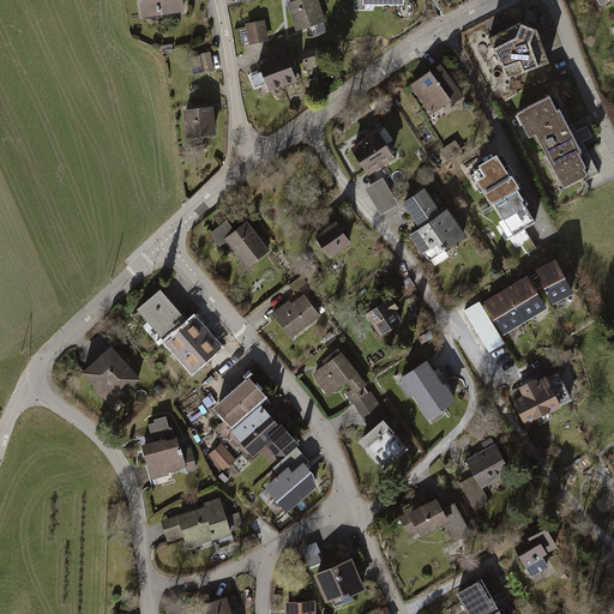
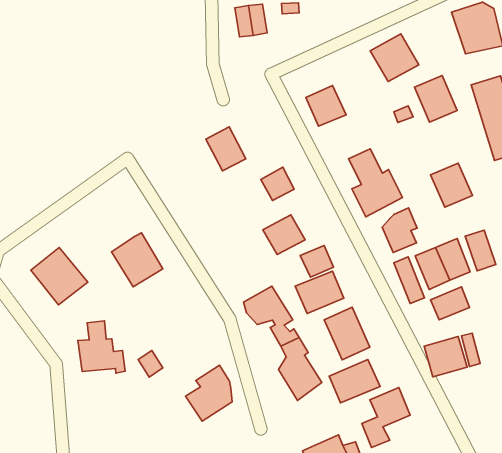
building: [183,108,215,140] -> none
building: [470,157,519,209] -> [414,76,457,122]
building: [366,176,399,212] -> none
building: [223,222,269,270] -> [206,127,246,171]
building: none -> [382,208,417,253]
building: [137,290,187,342] -> none
building: [275,295,321,339] -> [263,215,305,255]
building: none -> [430,287,470,320]
building: none -> [295,271,344,314]
building: [217,377,296,459] -> none
building: none -> [329,360,380,403]
building: [161,502,231,552] -> none

